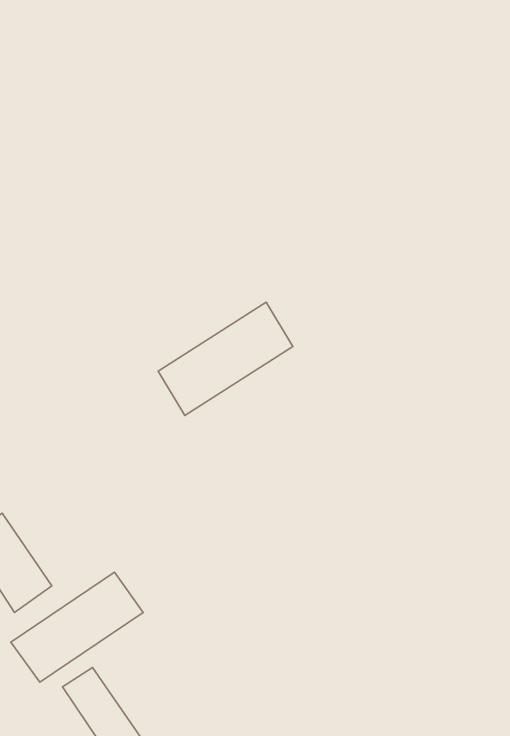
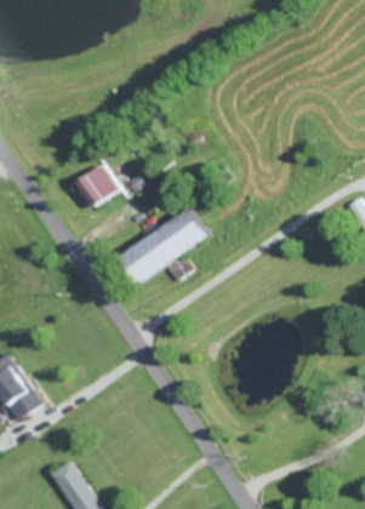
building: none -> [74,164,120,208]
building: [11,572,143,682] -> none

